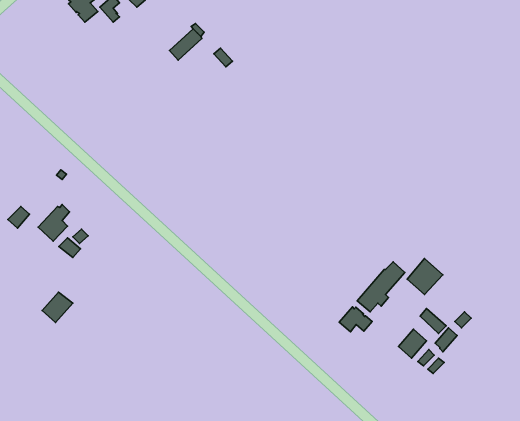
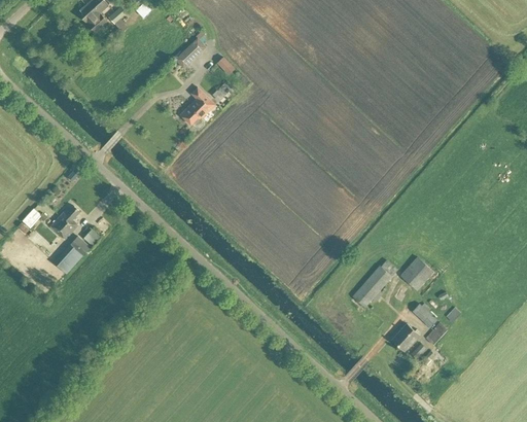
building: none -> [179,87,214,128]
building: [42,292,73,323] -> [54,245,82,274]
building: [339,307,372,332] -> none

